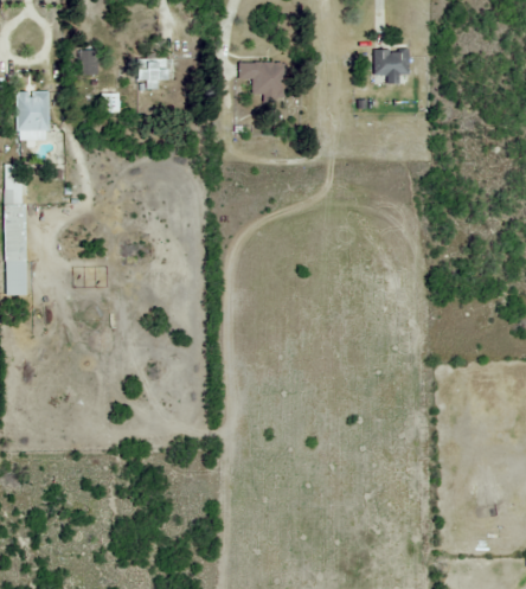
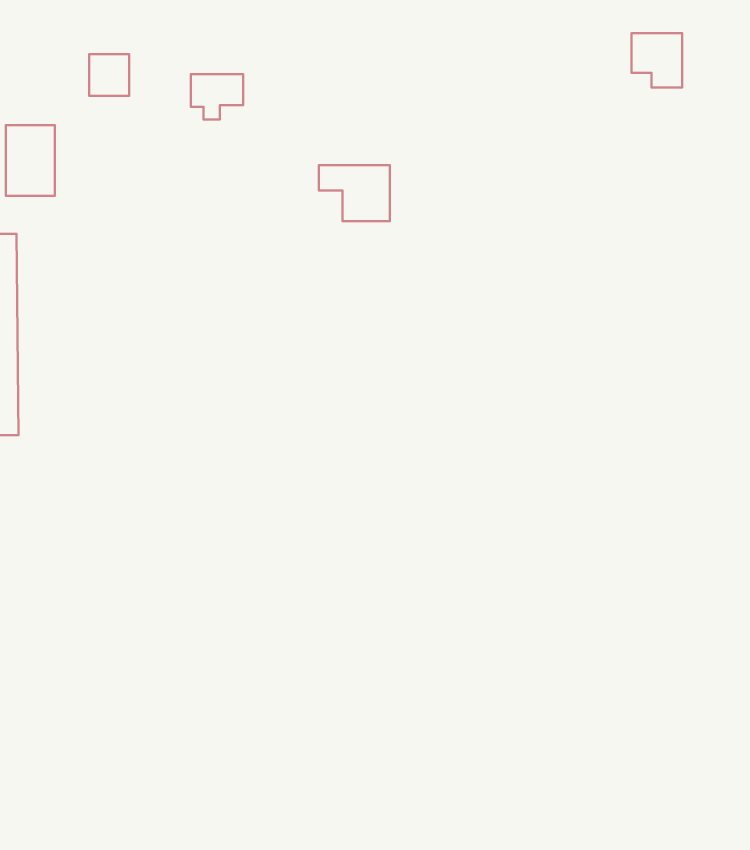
building: [373,50,406,85] -> [631,33,682,87]
building: [237,63,283,100] -> [319,165,390,221]

